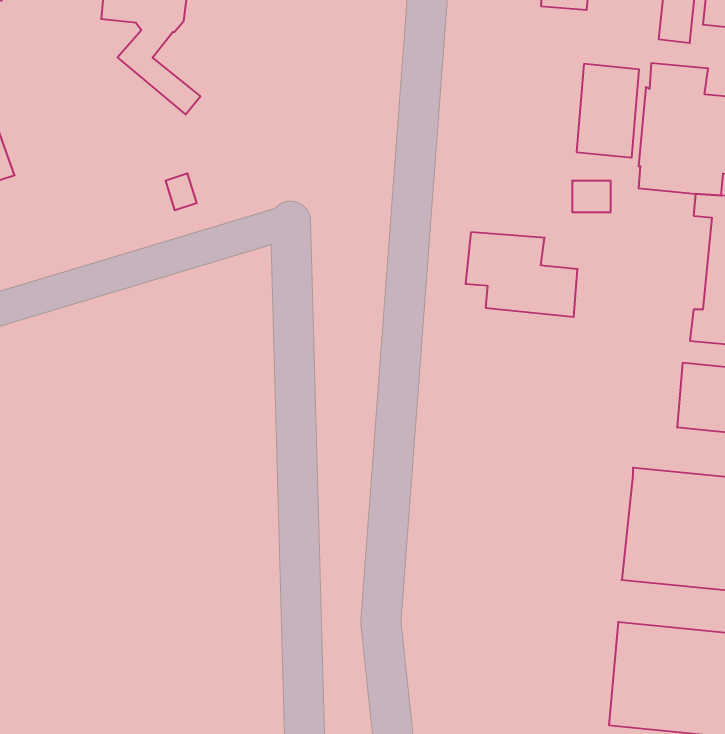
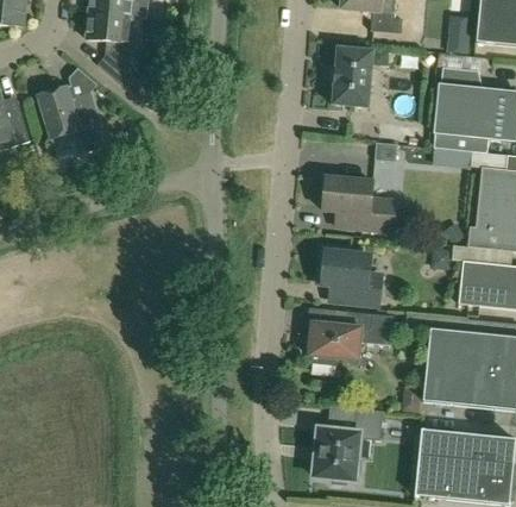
building: [577,64,639,158] -> [332,46,372,107]
building: none -> [37,86,107,152]
building: none -> [316,244,380,305]
building: none -> [308,309,391,363]
building: none -> [313,407,382,480]

